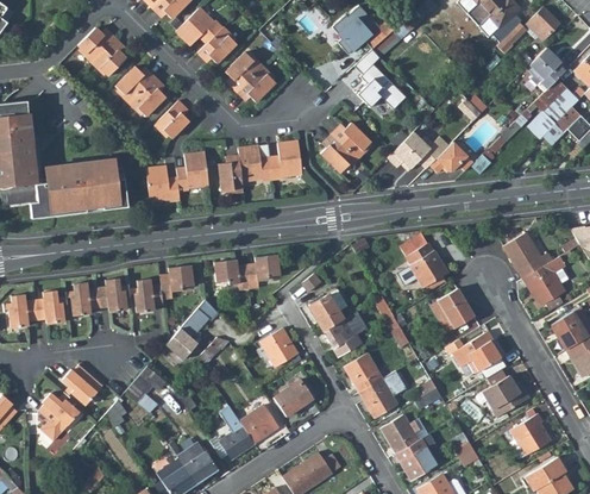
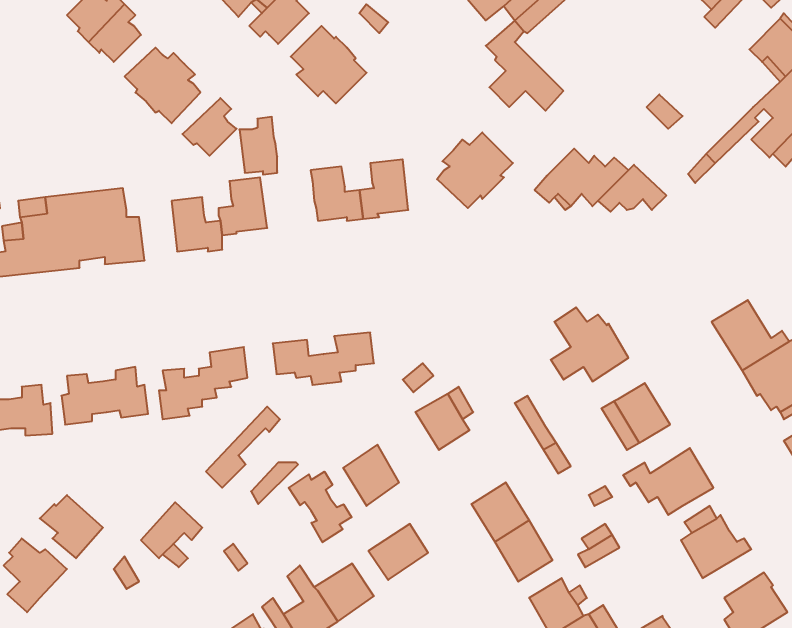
building: [218,155,243,193] -> [239,117,277,175]
building: [322,318,360,356] -> none
building: none -> [289,472,352,542]

